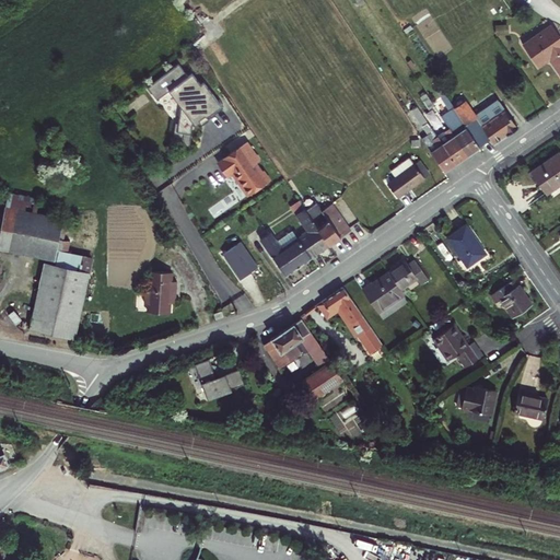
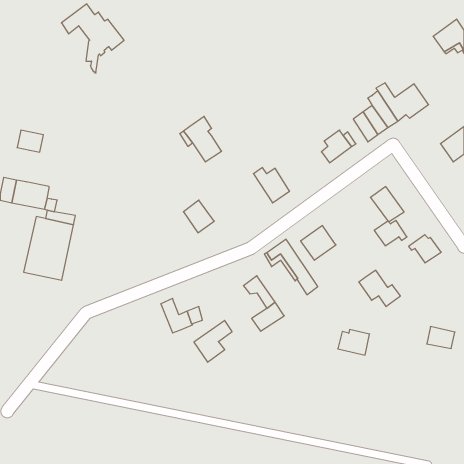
building: [147,65,222,148] -> [61,4,124,73]
building: [4,194,36,220] -> [17,130,43,152]
building: [260,208,328,275] -> none
building: [388,260,428,291] -> [374,220,407,246]
building: [143,271,176,313] -> none
building: [264,319,310,370] -> [194,320,232,362]
building: [460,386,499,417] -> [338,330,370,355]

